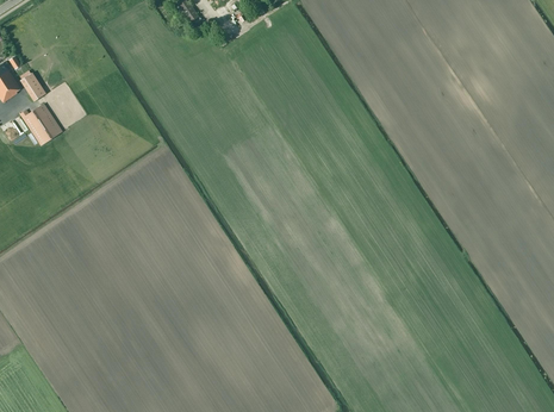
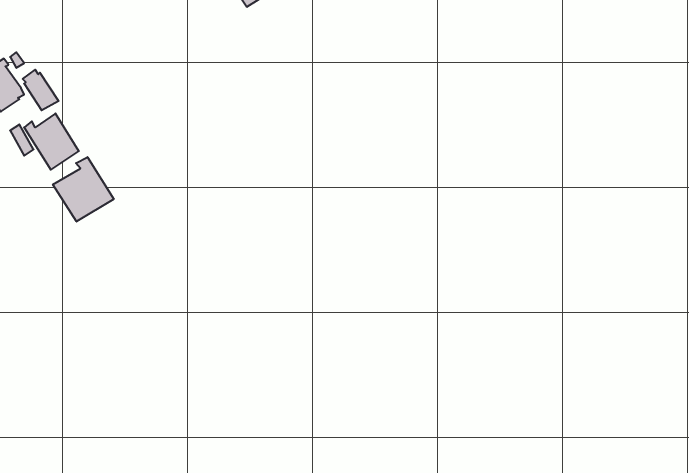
building: none -> [53,157,114,222]

